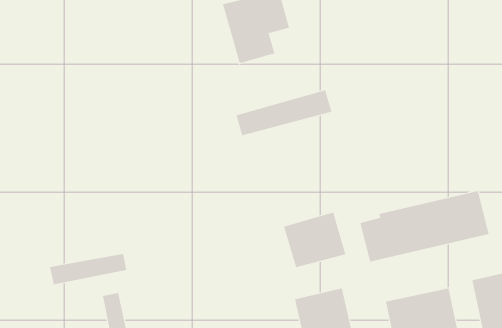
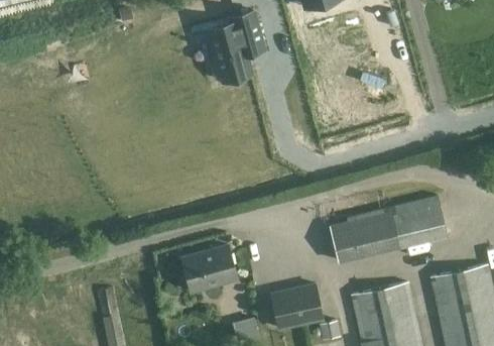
building: [236,90,332,136] -> none
building: [283,212,346,268] -> [182,246,239,297]
building: [50,253,127,285] -> none

